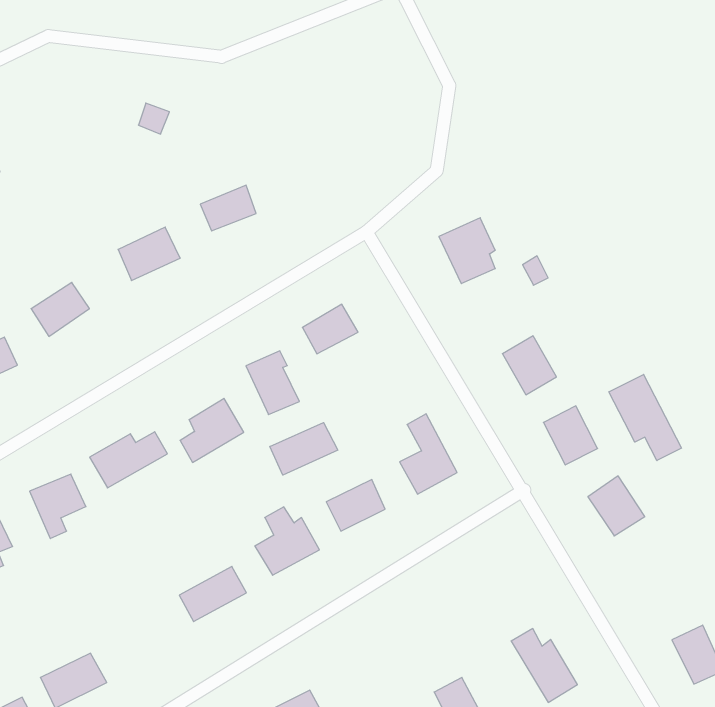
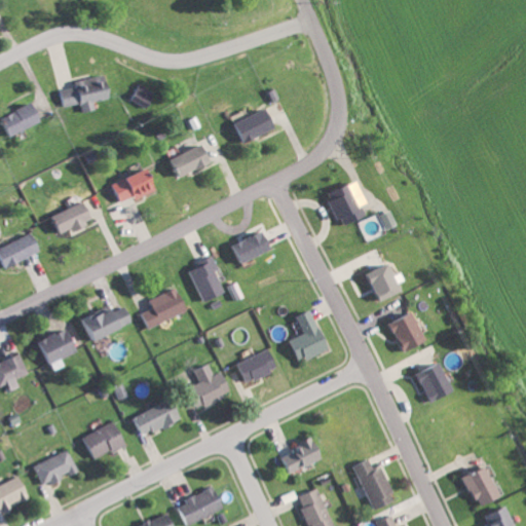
building: none -> [60,76,110,112]
building: none -> [232,109,271,143]
building: [609,374,681,461] -> none
building: [270,423,338,475] -> none
building: none -> [278,439,322,474]
building: none -> [83,422,125,461]

